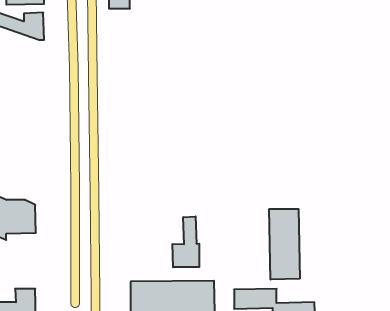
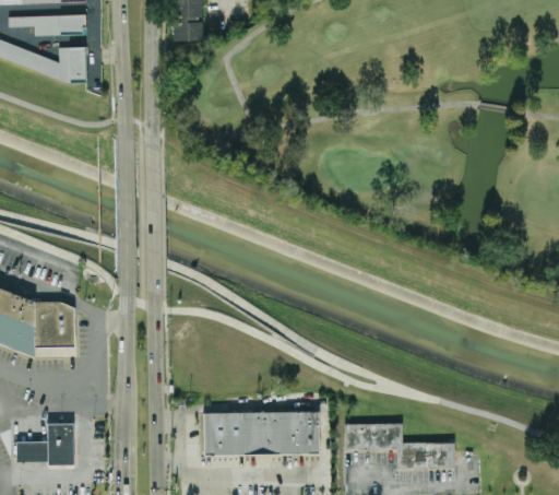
building: [269,209,300,280] -> none
building: [172,216,199,267] -> none

